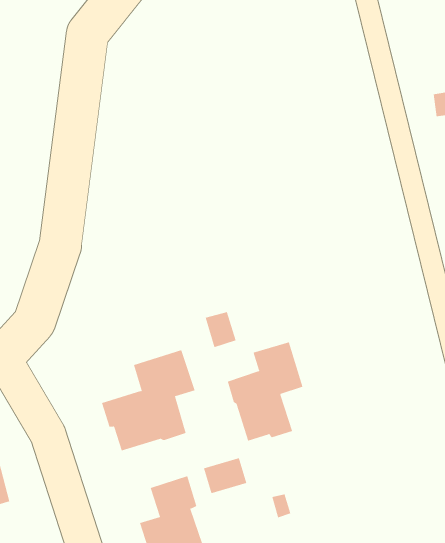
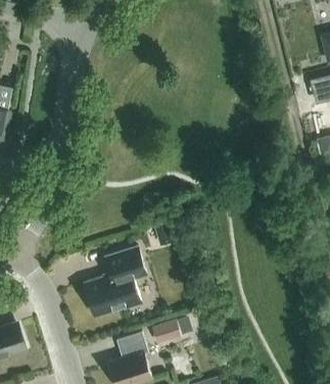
building: [227,342,303,441] -> none

